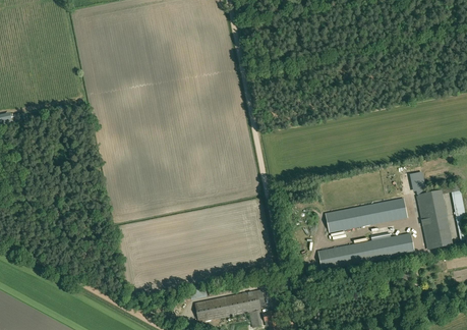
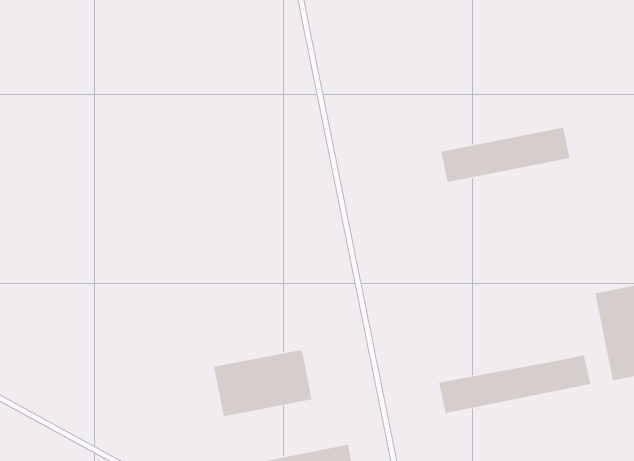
building: [326,198,407,232] -> [440,127,570,182]
building: none -> [214,349,312,417]

